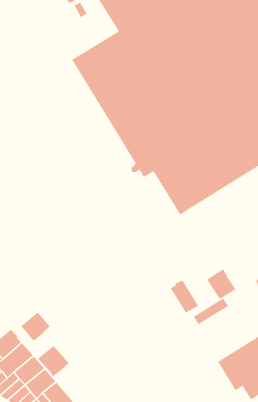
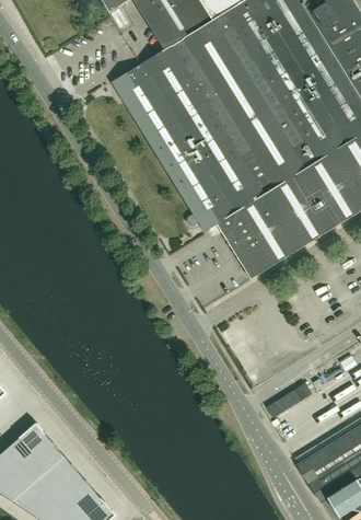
building: [206,268,236,300] -> none
building: [170,279,199,314] -> none
building: [20,312,51,342] -> none
building: [37,345,69,378] -> none

